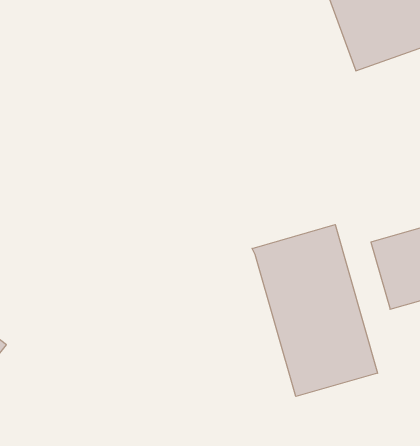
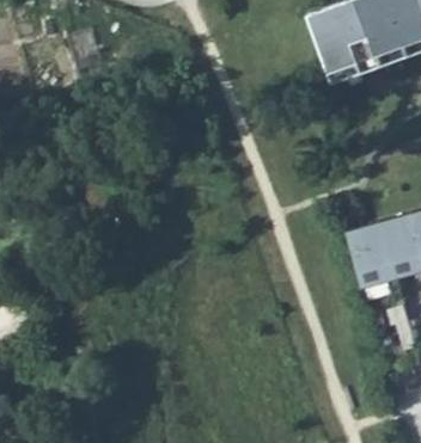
building: [252,225,378,396] -> none

